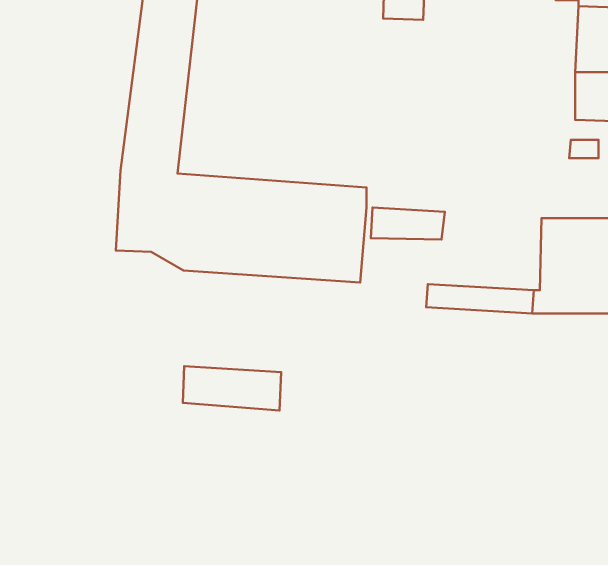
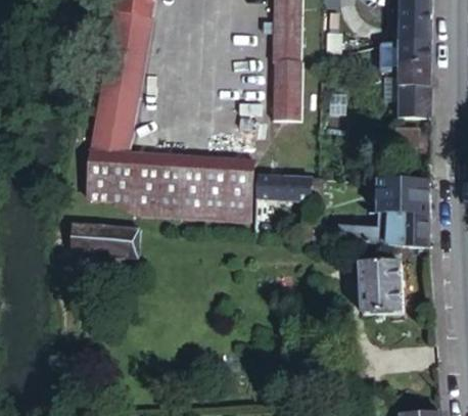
building: none -> [270,47,303,123]
building: none -> [360,259,401,310]
building: [183,366,281,411] -> [72,225,137,255]

